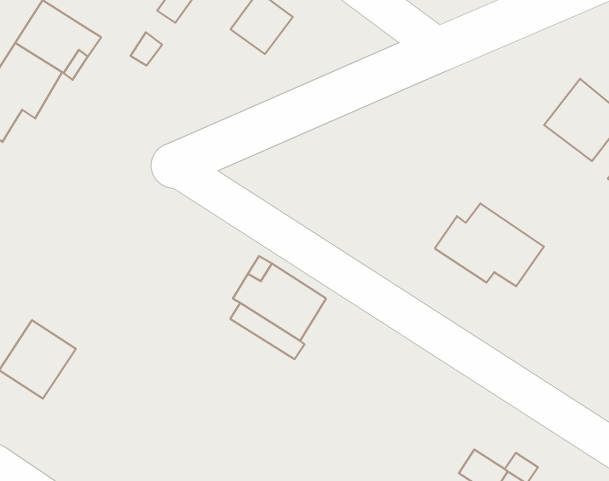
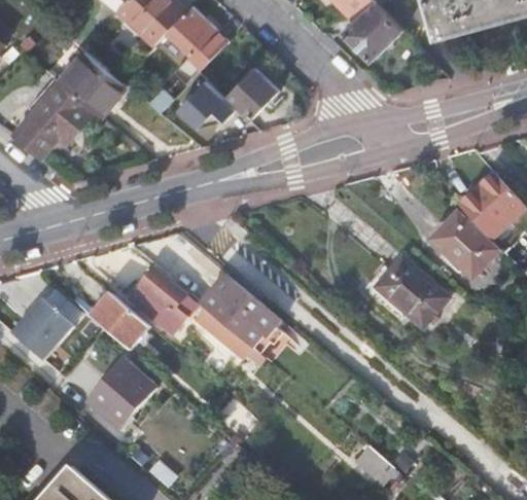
building: none -> [178,80,236,128]
building: none -> [431,211,499,278]
building: none -> [131,266,185,332]
building: none -> [92,294,150,351]
building: none -> [89,361,155,428]

